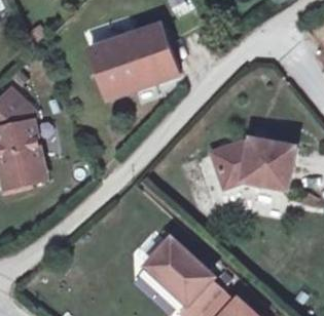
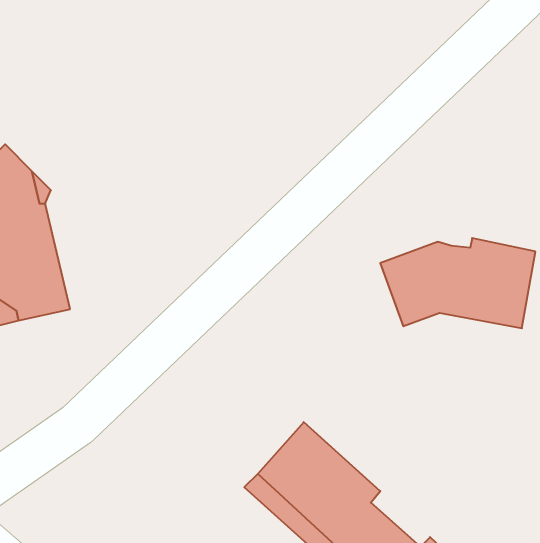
building: [88,24,180,97] -> none

